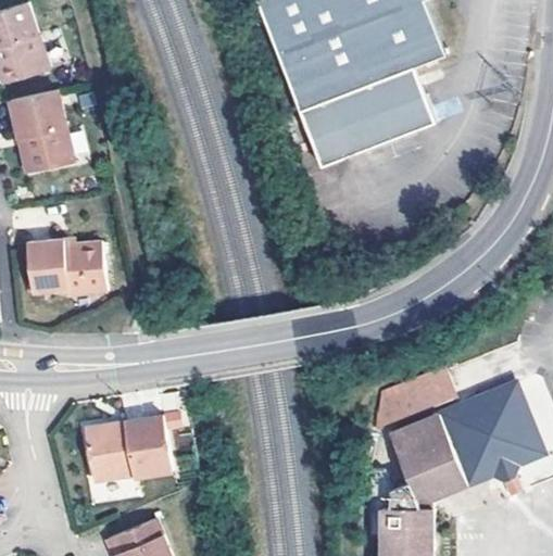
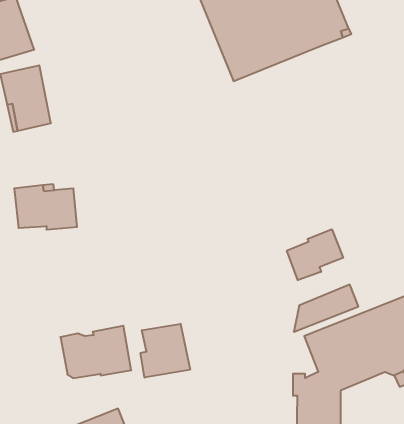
building: [299,66,430,163] -> none
building: none -> [287,229,343,280]
building: none -> [141,324,190,378]

